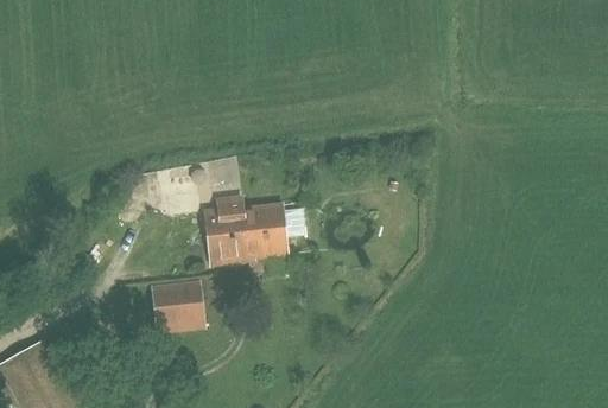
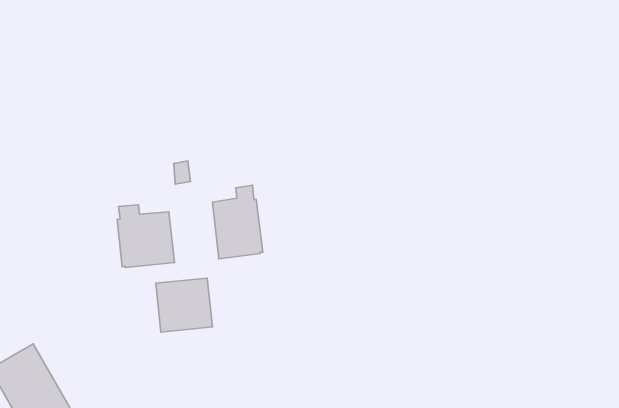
building: [245,203,305,256] -> none
building: none -> [117,205,174,267]

